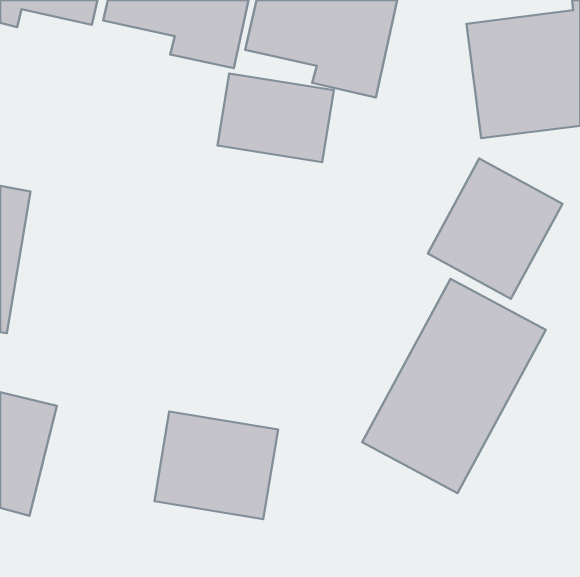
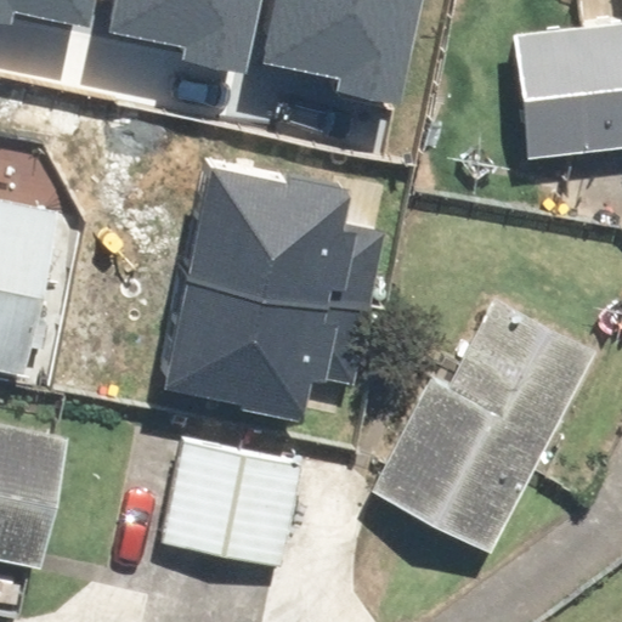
building: [217,74,334,162] -> none
building: [428,159,562,299] -> none
building: none -> [190,203,347,422]

